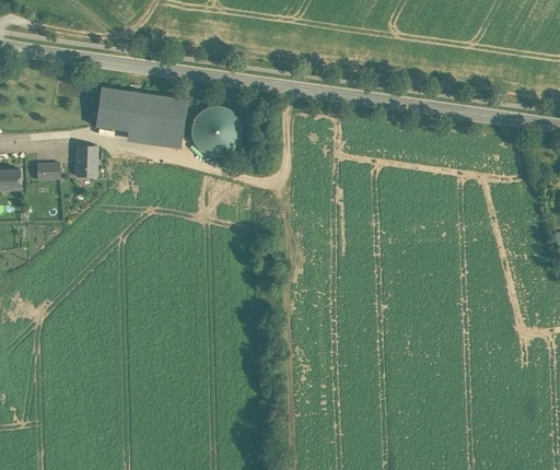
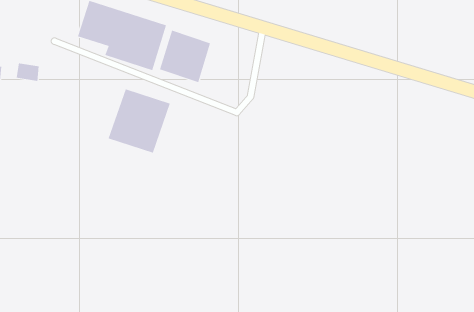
building: [77,145,98,176] -> none
building: none -> [108,88,171,153]

